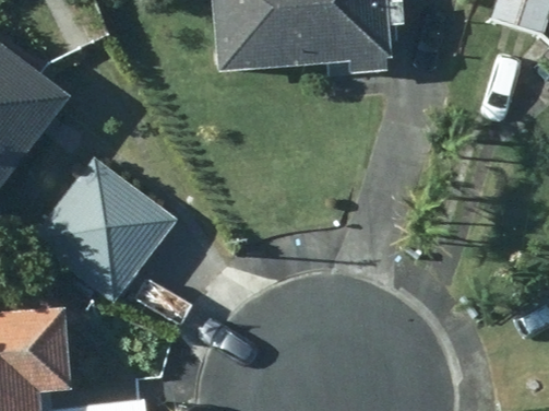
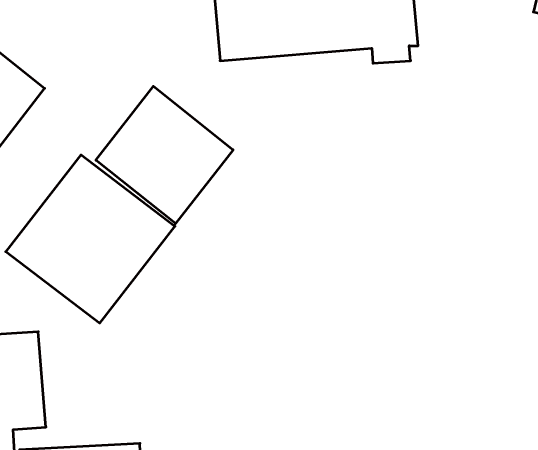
building: none -> [96,86,233,224]

